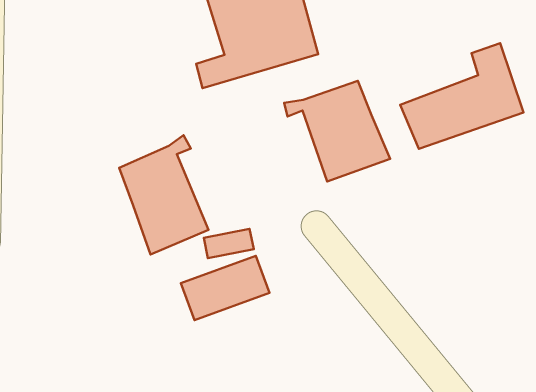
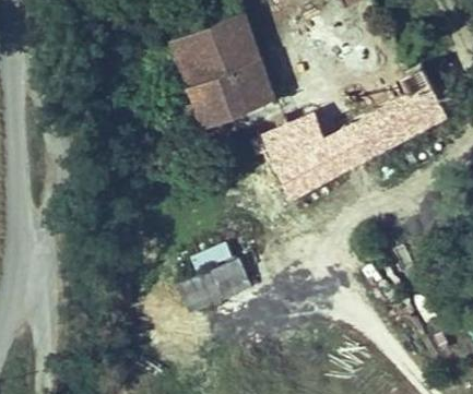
building: none -> [321,129,362,174]
building: [119,135,208,255] -> none

